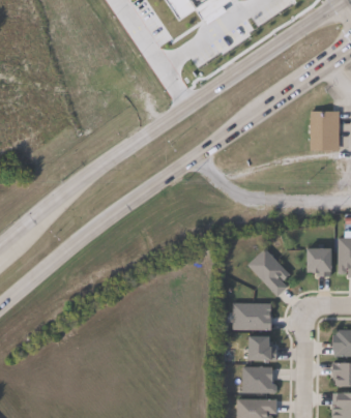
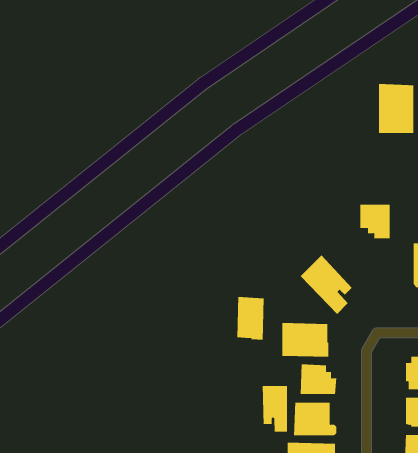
building: [306,248,331,276] -> [359,204,390,239]
building: none -> [237,296,264,341]
building: none -> [262,385,288,432]

